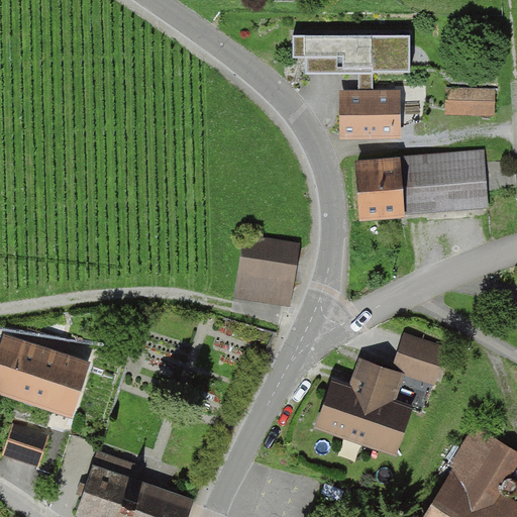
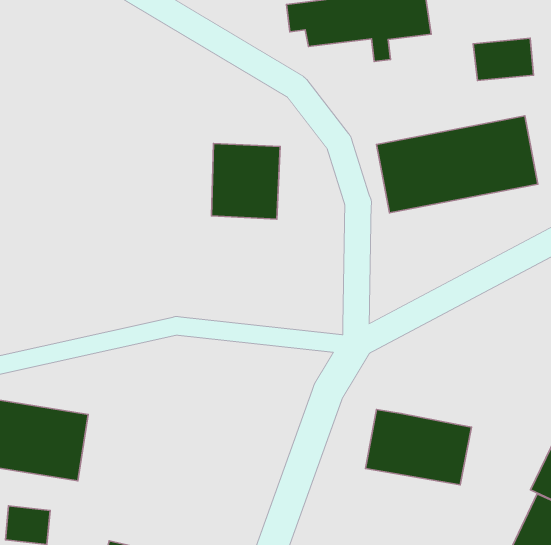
building: [341,91,401,135] -> none
building: [233,234,298,304] -> [211,143,280,219]
building: [394,333,449,382] -> none
building: [349,360,403,403] -> none

